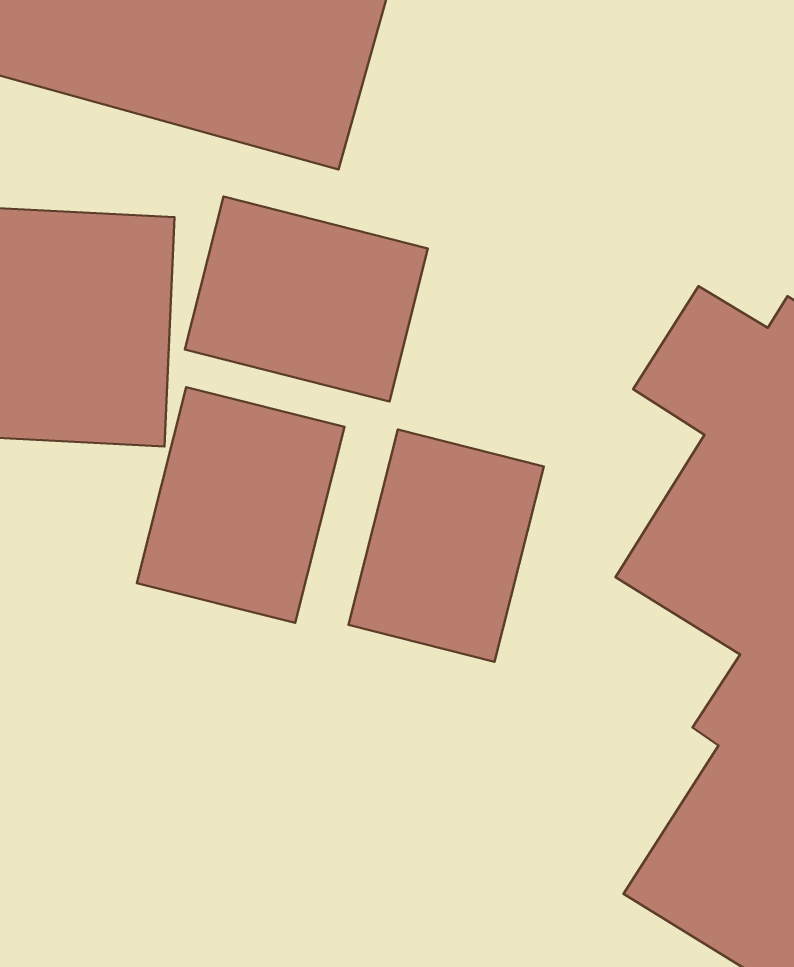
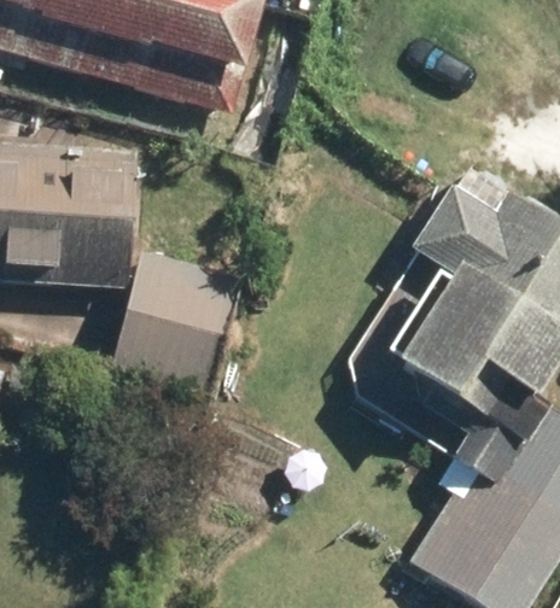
building: [185,197,428,401] -> none
building: [349,429,544,662] -> none

